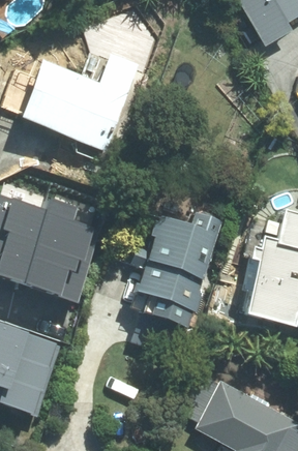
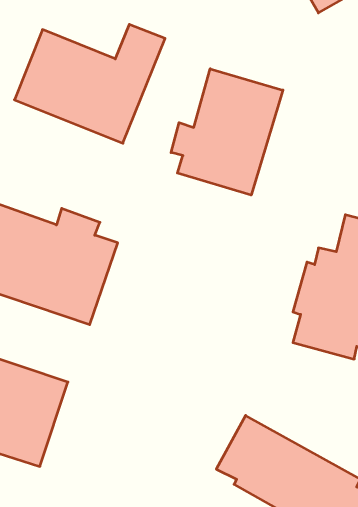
building: none -> [171,69,283,195]
building: [131,213,224,323] -> none

